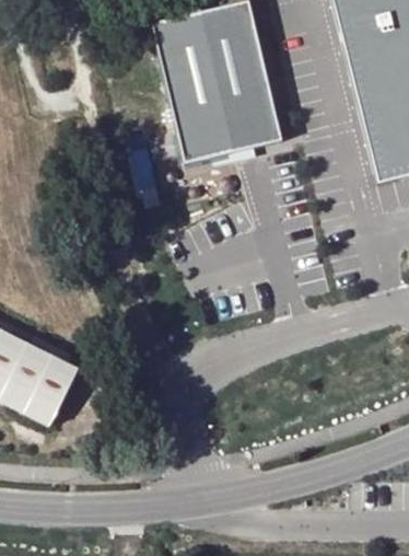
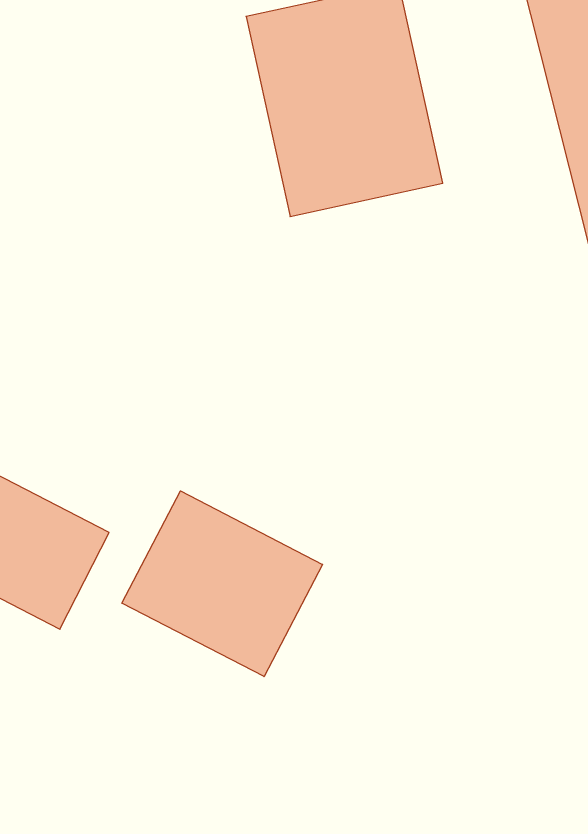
building: none -> [122,491,323,677]

